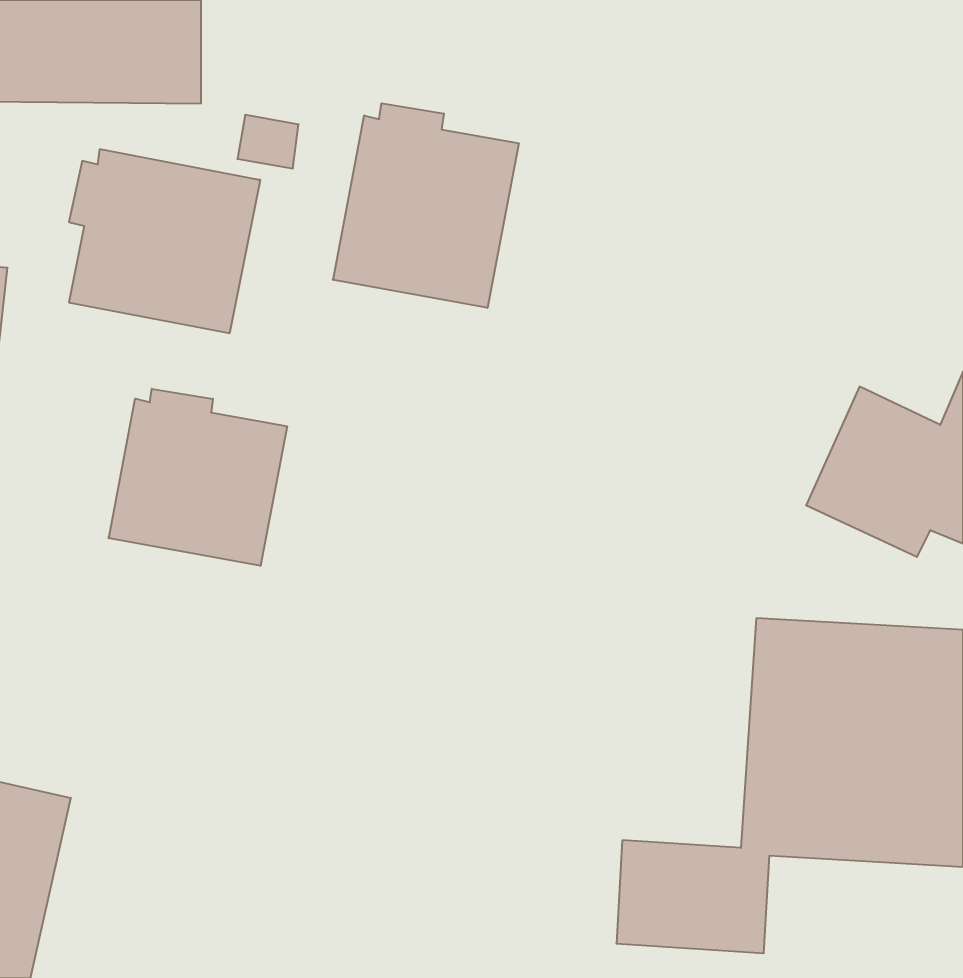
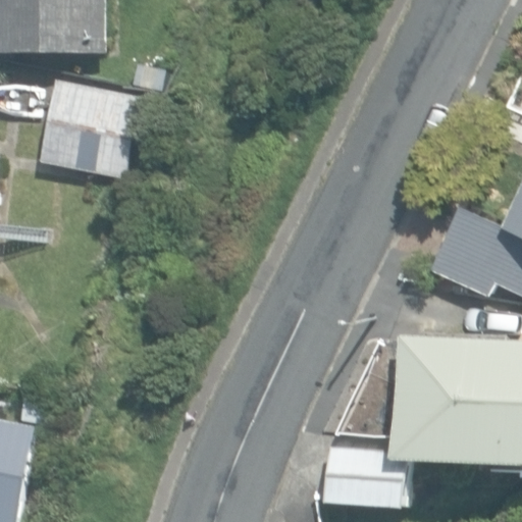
building: [333,103,519,308] -> none
building: [109,389,287,566] -> none

